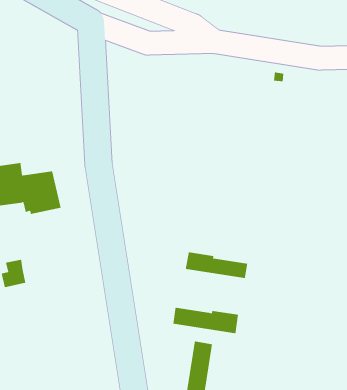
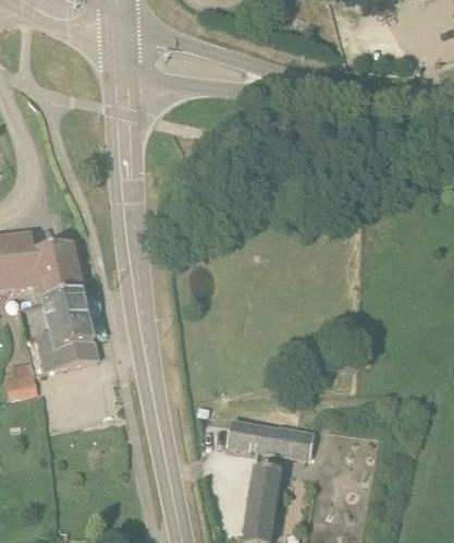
building: none -> [36,293,98,371]
building: [185,252,248,279] -> none

